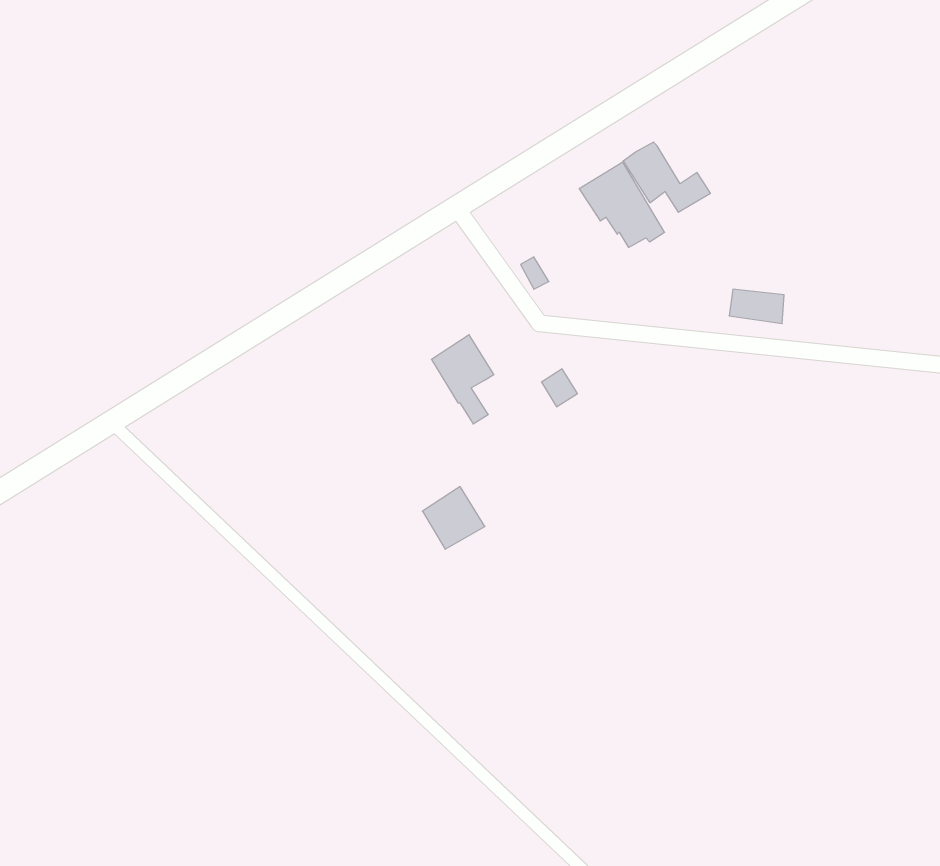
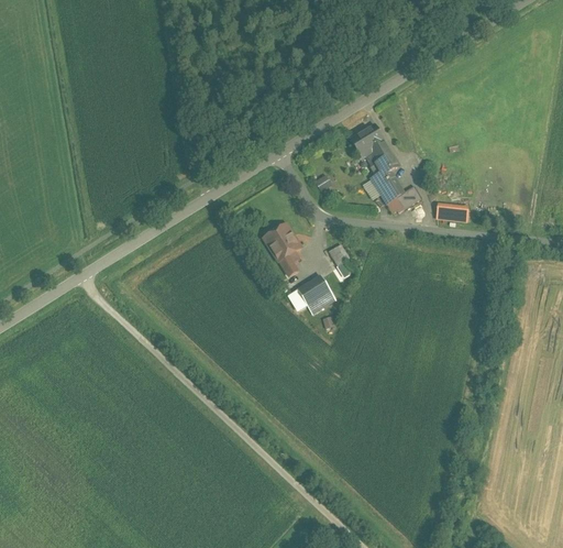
building: [623,142,710,212] -> [371,169,421,210]
building: [422,487,485,549] -> [298,277,334,314]

